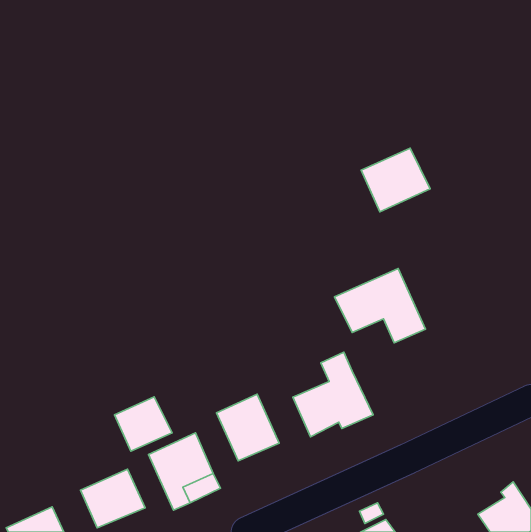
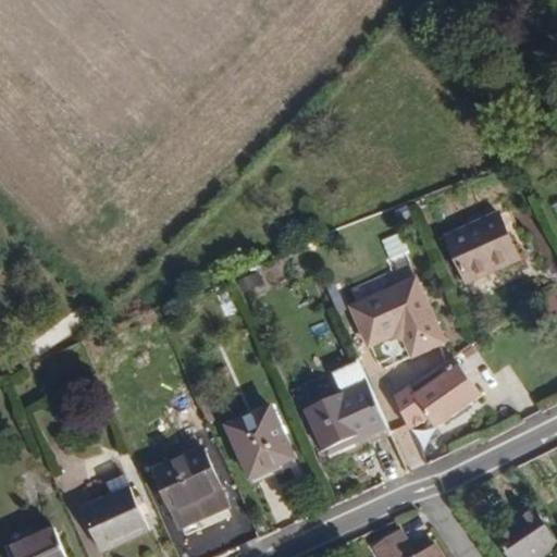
building: [361,148,430,212] -> [443,210,515,276]
building: none -> [389,362,475,426]
building: [115,397,172,451] -> none

